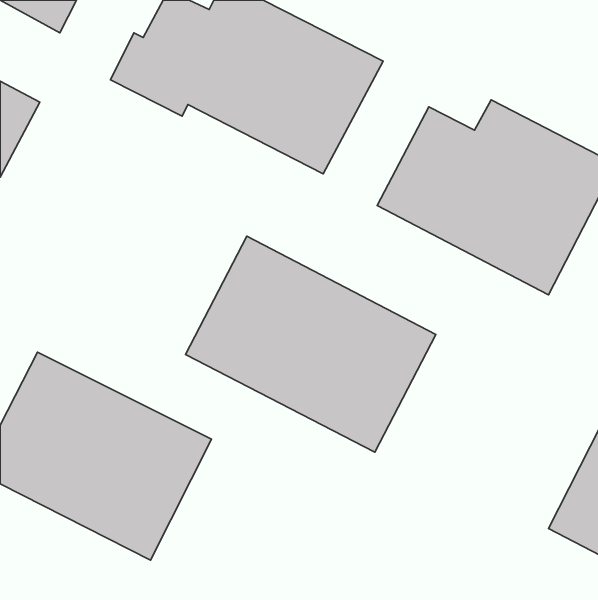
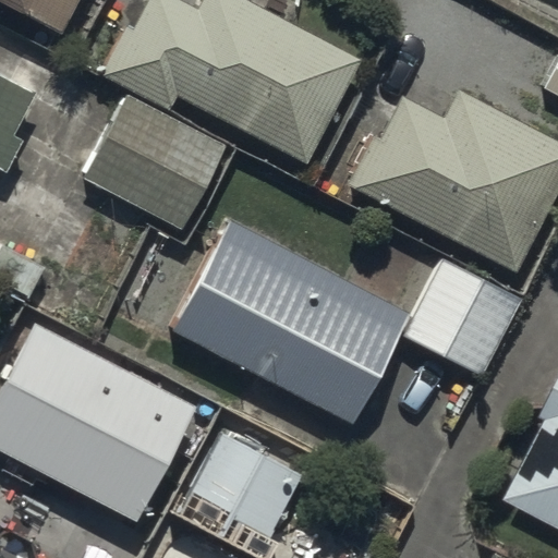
building: none -> [82,95,221,226]
building: none -> [402,262,514,374]
building: none -> [182,436,296,550]

